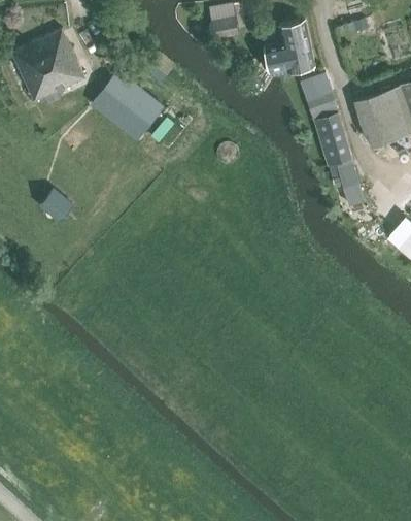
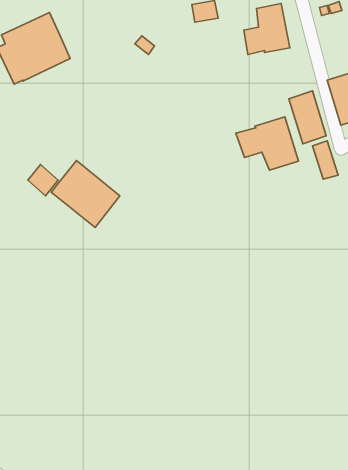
building: [92,71,164,141] -> [51,161,120,227]
building: [301,74,337,116] -> none
building: none -> [236,117,299,170]

